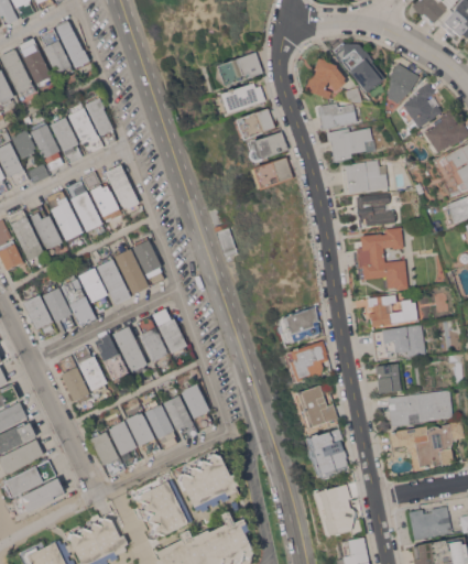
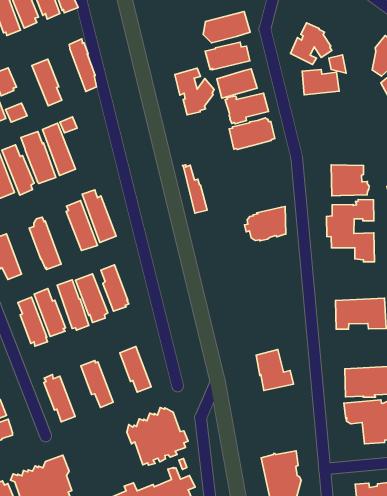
building: [334,44,384,94] -> none
building: [68,104,104,155] -> none
building: none -> [175,68,214,115]
building: [30,121,63,171] -> none
building: [326,128,374,161] -> none
building: [342,161,388,194] -> none
building: [106,165,139,216] -> none
building: [90,186,121,221] -> none
building: [133,238,164,286] -> none
building: [78,269,110,314] -> none
building: [43,288,75,334] -> none
building: [367,295,417,328] -> none
building: [277,306,319,343] -> [245,207,286,241]
building: [152,308,187,359] -> none
building: [286,341,328,383] -> none
building: [374,364,401,394] -> none
building: [182,384,213,431] -> none
building: [142,401,177,451] -> none
building: [106,417,141,467] -> none
building: [306,429,349,477] -> none
building: [135,480,192,538] -> none

